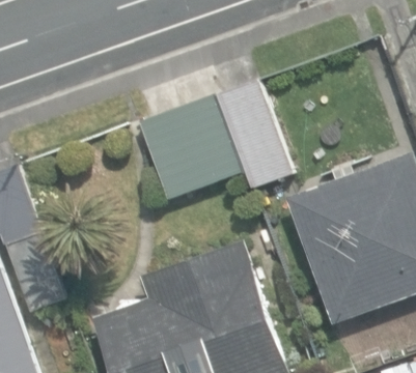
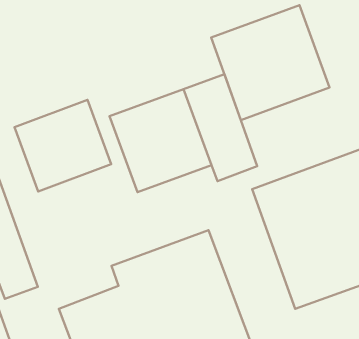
building: none -> [211,5,330,120]
building: none -> [14,100,111,191]

